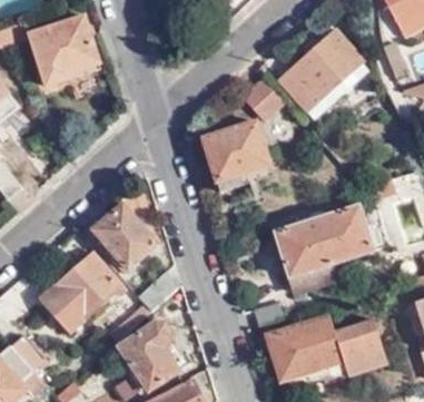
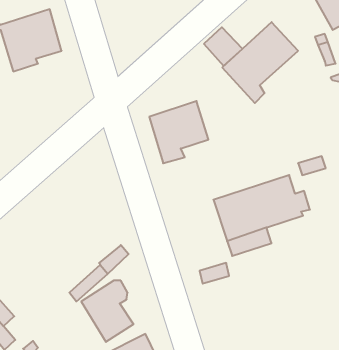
building: [238,77,282,120] -> [204,27,242,66]
building: [92,205,155,268] -> none
building: [40,254,121,332] -> none
building: [266,318,385,384] -> none

